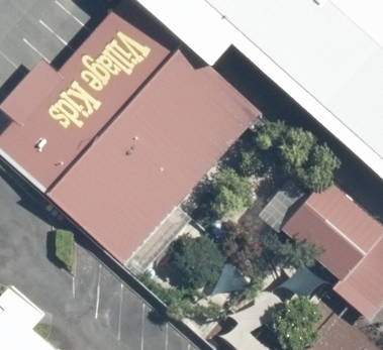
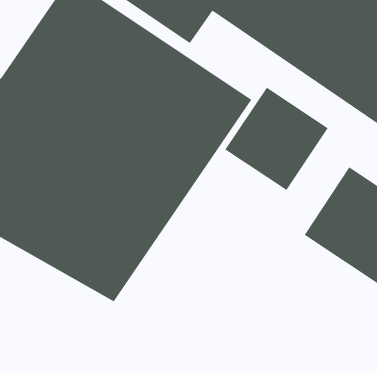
building: none -> [225,87,329,191]

